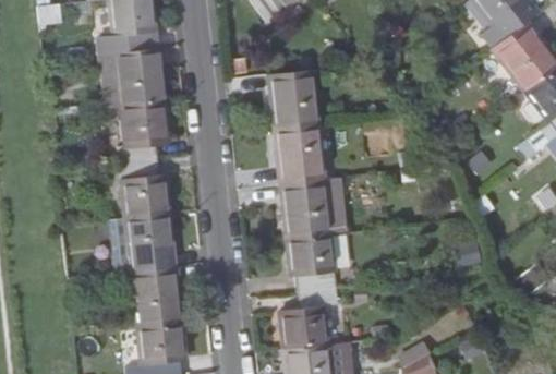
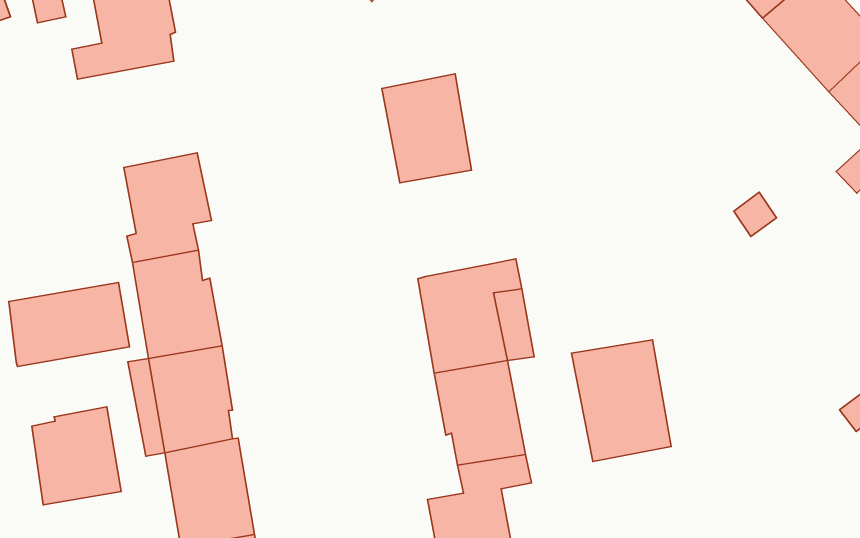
building: [98,50,164,110] -> none
building: [278,124,326,183] -> none
building: none -> [9,283,130,366]
building: none -> [571,340,671,461]
building: none -> [32,407,121,505]

